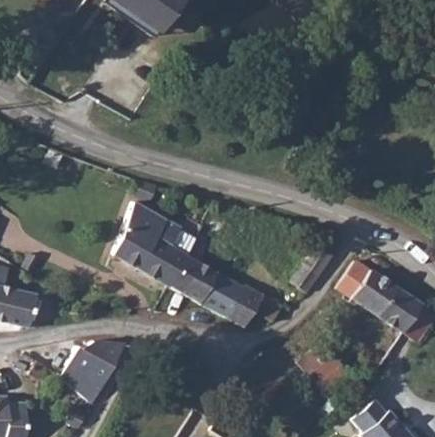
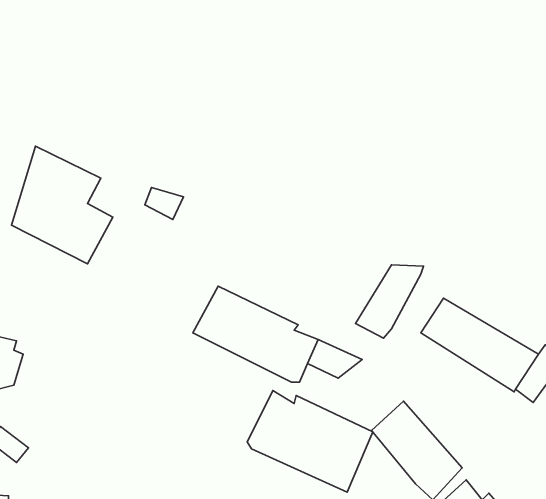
building: [109,198,185,286] -> [12,146,113,264]
building: none -> [247,391,373,492]
building: [55,344,125,401] -> none

